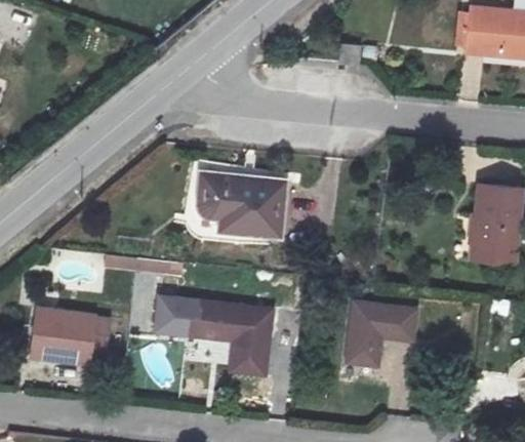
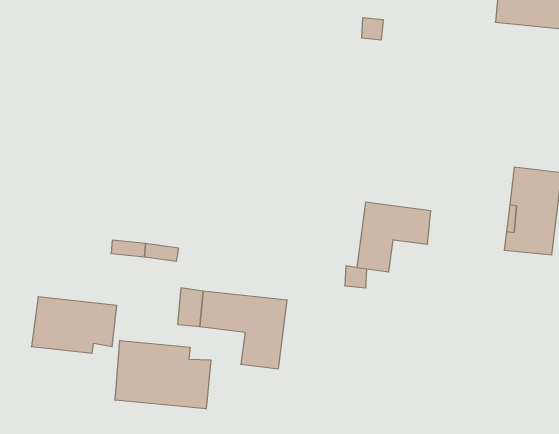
building: [197,169,289,234] -> none
building: [346,302,414,366] -> [357,202,431,272]
building: none -> [115,340,211,409]

